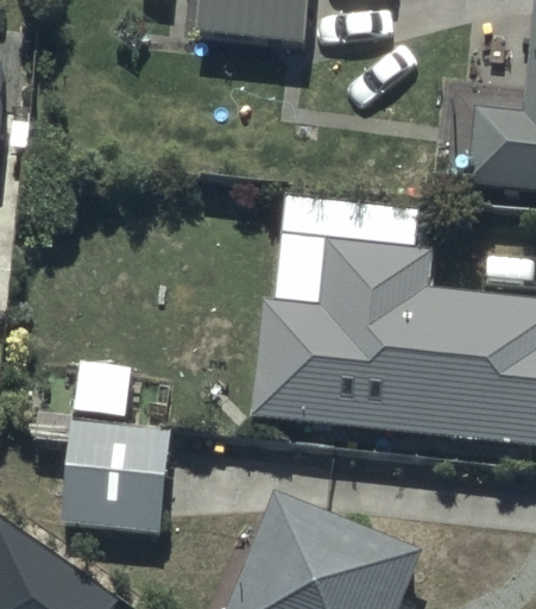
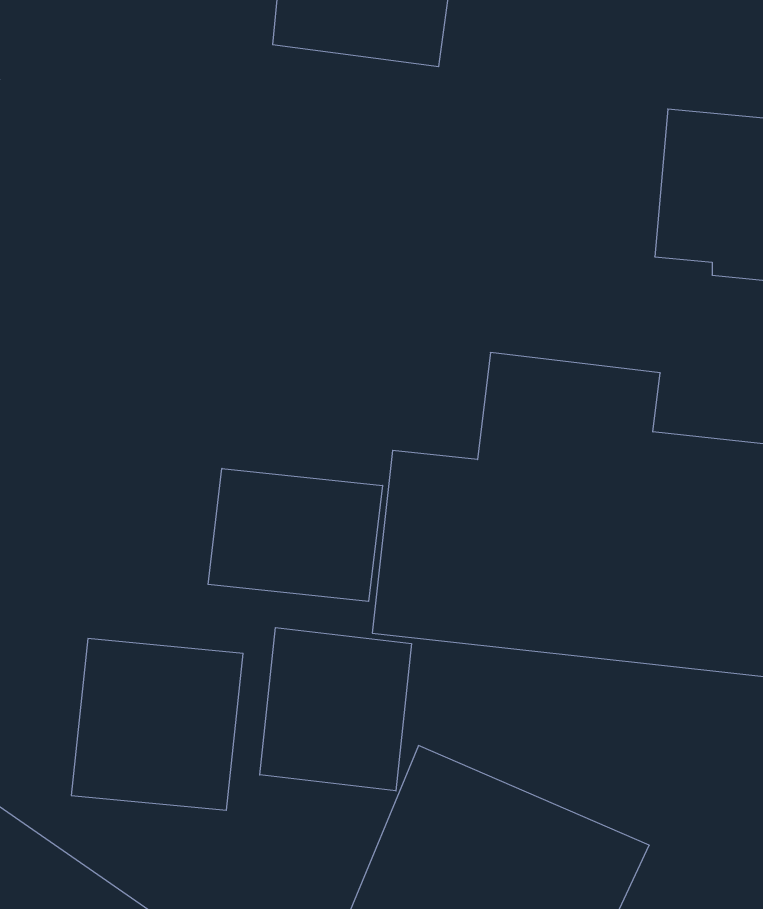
building: none -> [208,468,383,601]
building: none -> [260,628,411,791]

